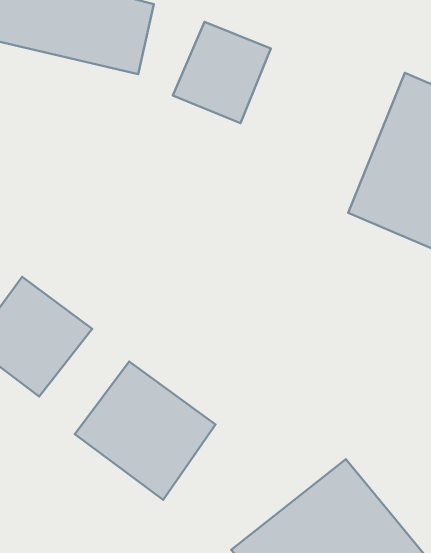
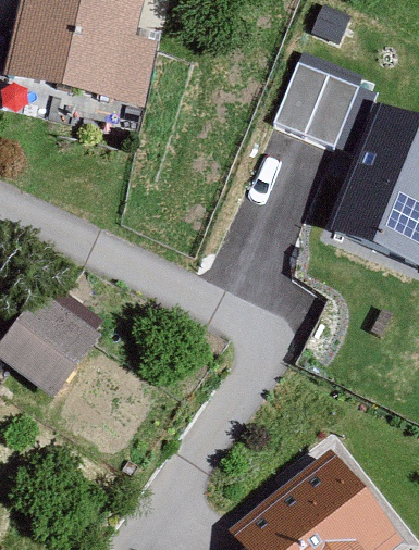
building: [173,22,271,123] -> [272,59,360,150]
building: [75,361,215,500] -> none

